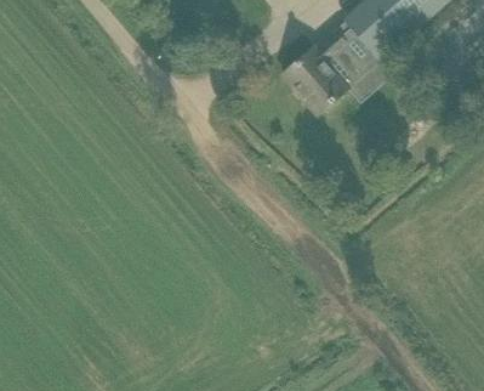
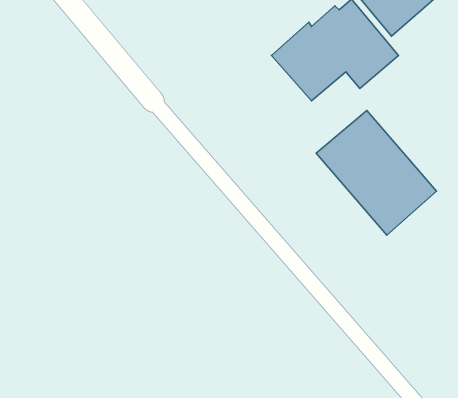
building: none -> [316,110,436,235]

